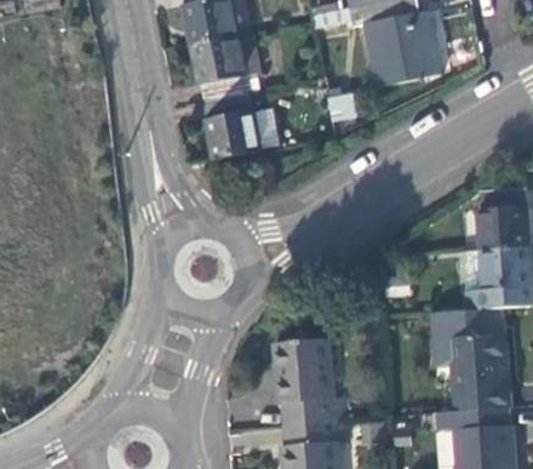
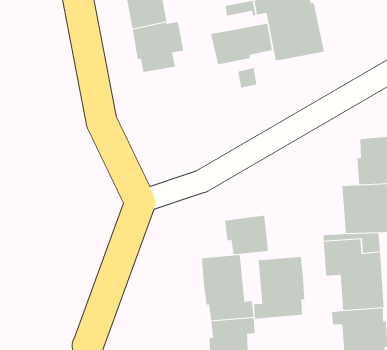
building: none -> [211,23,273,65]
building: [204,95,257,161] -> none
building: none -> [224,215,269,255]
building: none -> [254,256,305,319]

